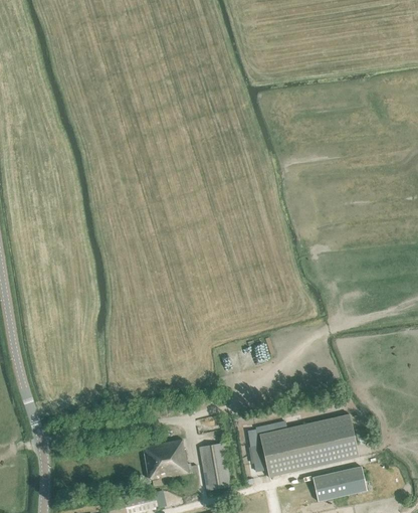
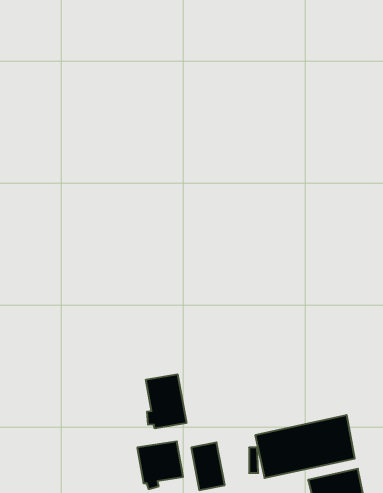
building: none -> [146,374,186,428]

